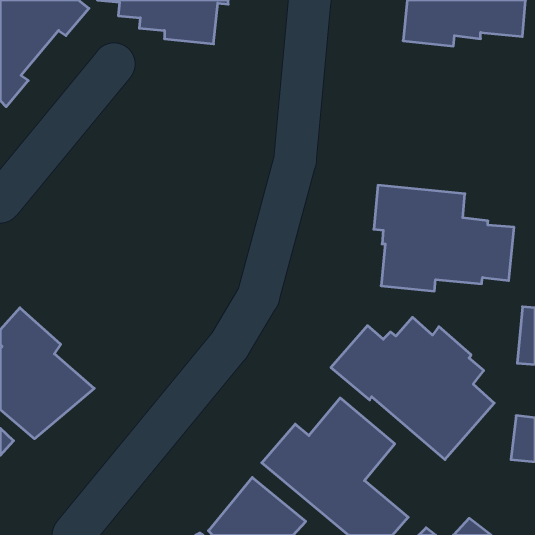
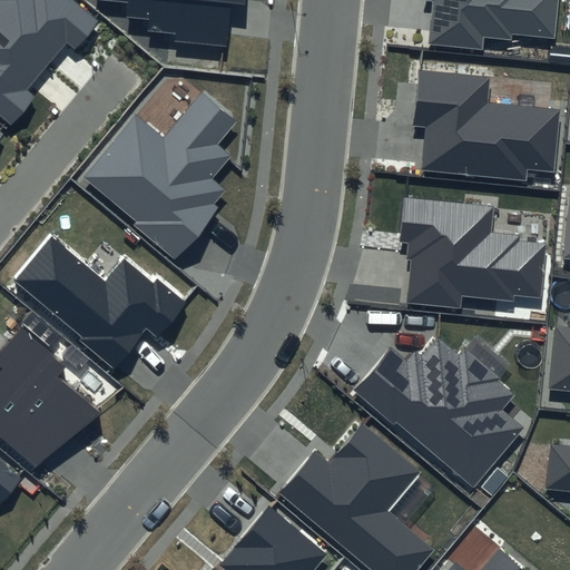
building: none -> [413,70,559,181]
building: none -> [87,88,243,259]
building: none -> [18,237,190,366]

